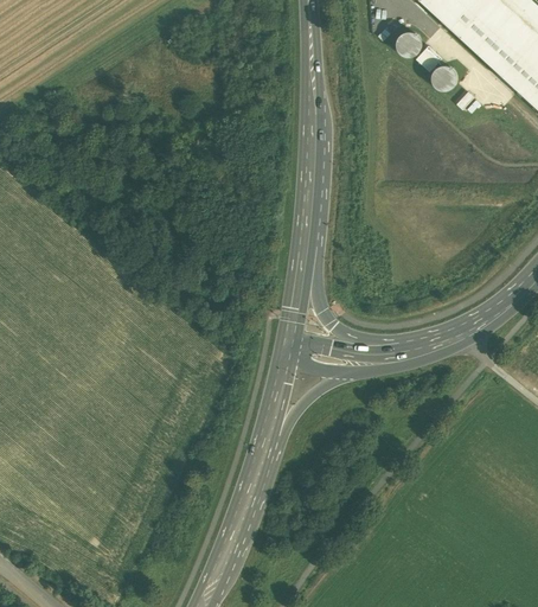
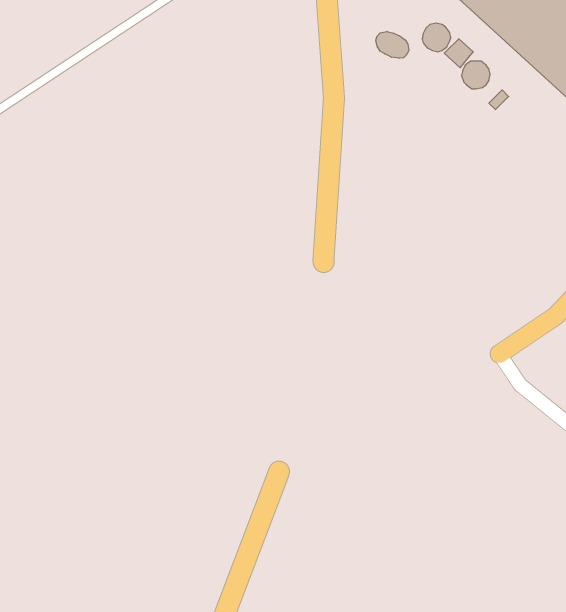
building: none -> [376,31,409,58]

